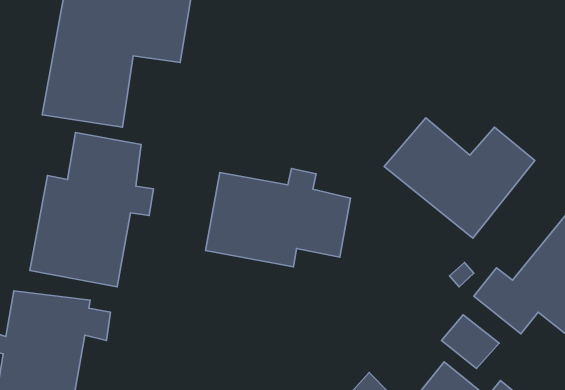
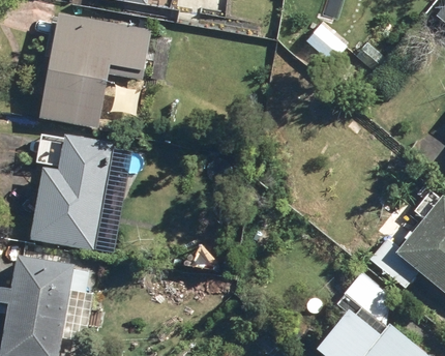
building: [384,118,535,238] -> none
building: [205,168,351,267] -> none

